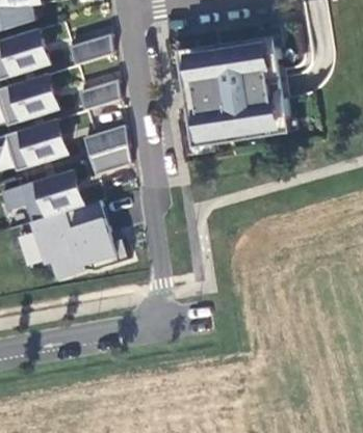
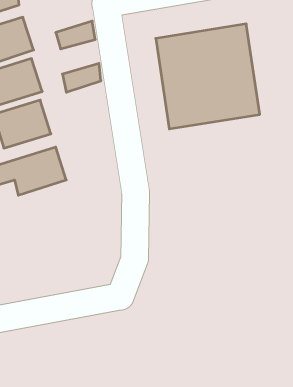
building: [85,123,130,173] -> none
building: [30,198,129,276] -> none

